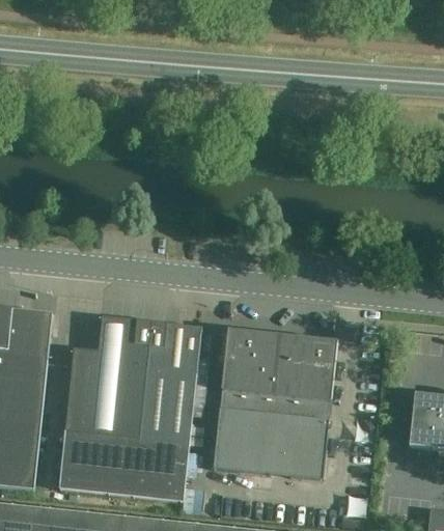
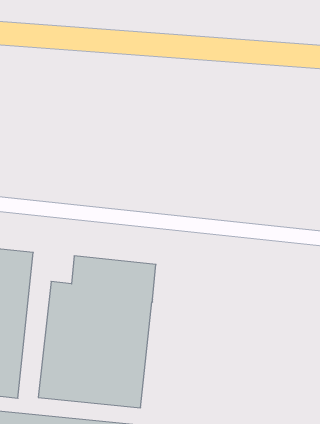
building: [213,328,337,478] -> none

